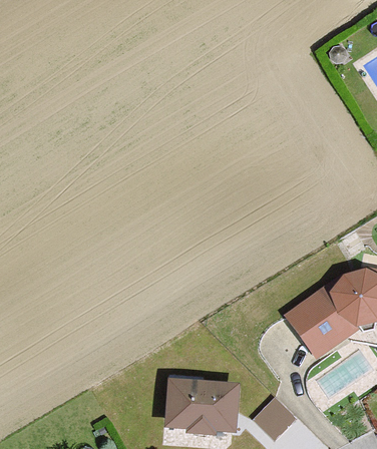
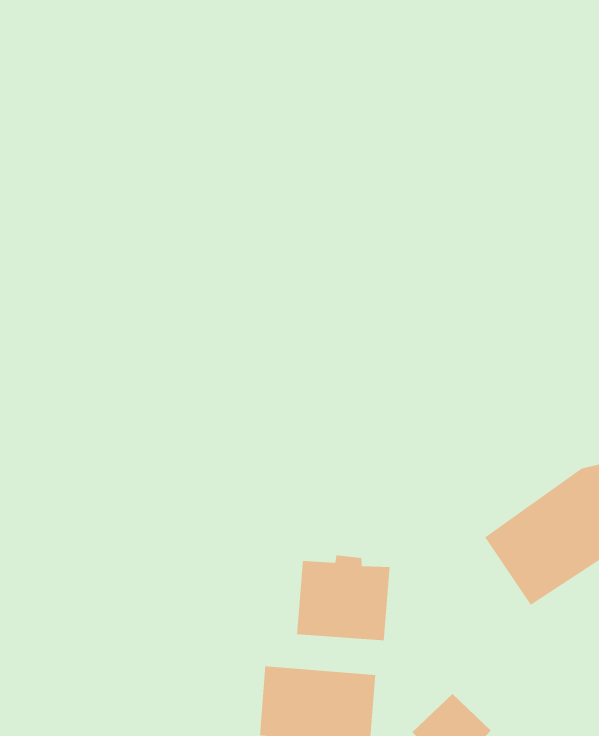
building: none -> [296,554,391,641]

